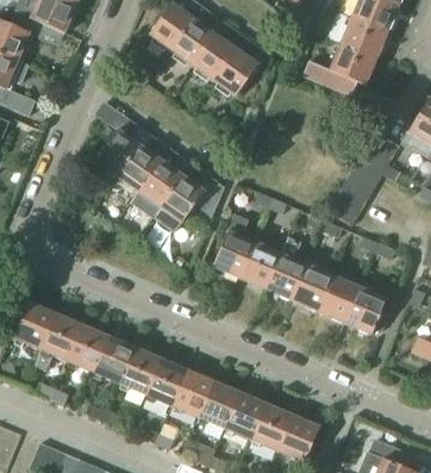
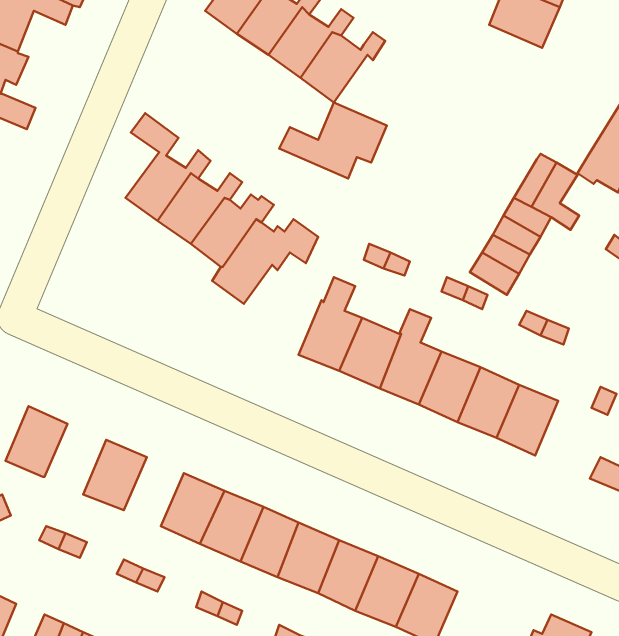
building: [304,44,376,95] -> [279,103,387,179]
building: [32,313,82,371] -> none
building: [94,336,135,382] -> none

